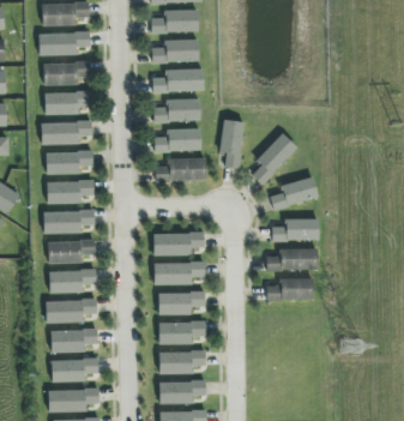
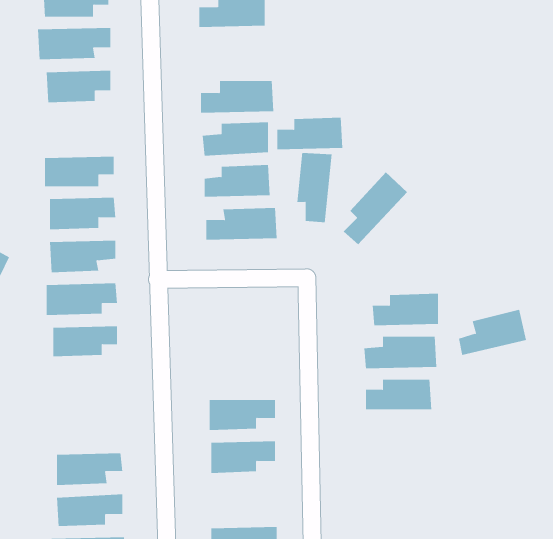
building: [152,40,199,62] -> [276,117,343,150]
building: [46,92,91,114] -> none
building: [271,176,319,209] -> [458,309,527,356]
building: [153,233,204,254] -> none
building: [153,263,205,284] -> none
building: [49,270,96,293] -> none
building: [46,300,97,323] -> none
building: [159,351,205,373] -> none

